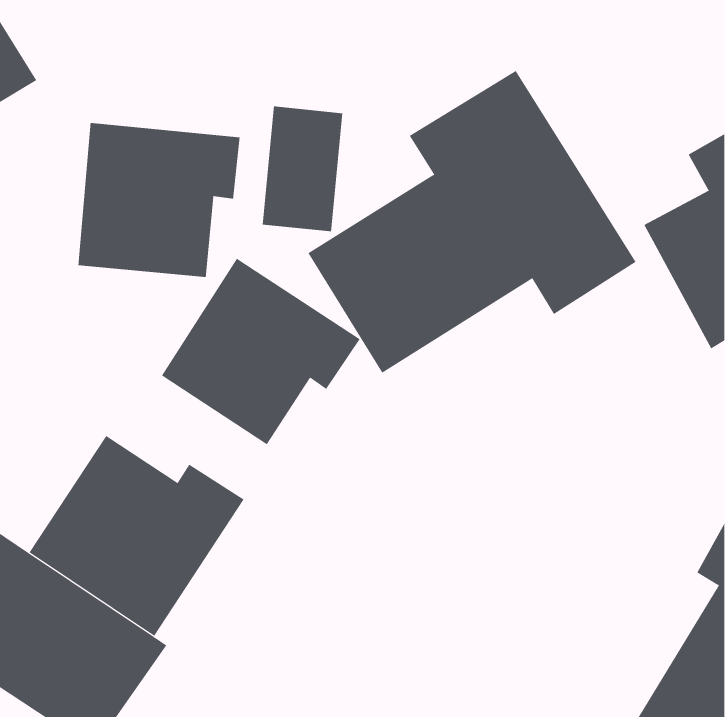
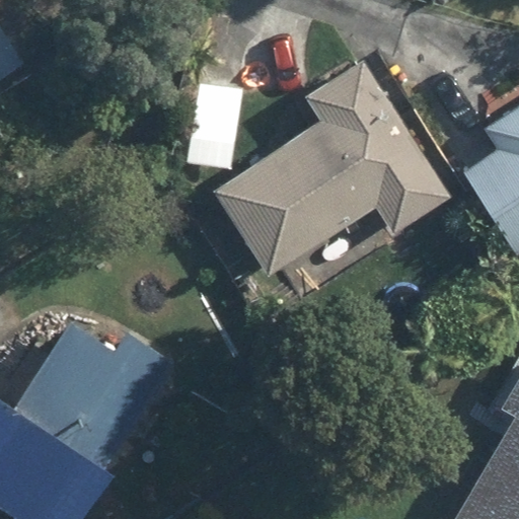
building: [78,122,240,278] -> none
building: [161,258,360,445] -> none

